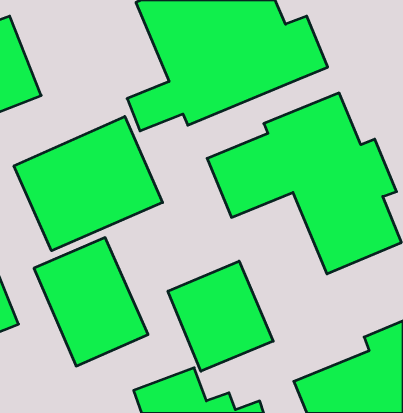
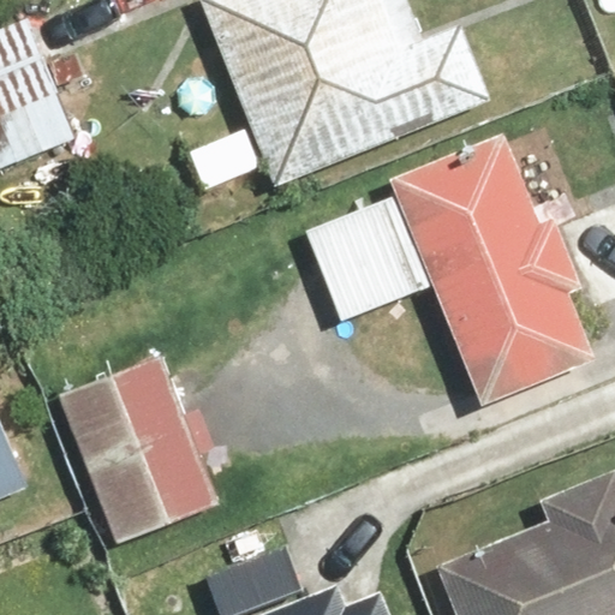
building: [14,116,163,251] -> none
building: [168,261,273,371] -> none

